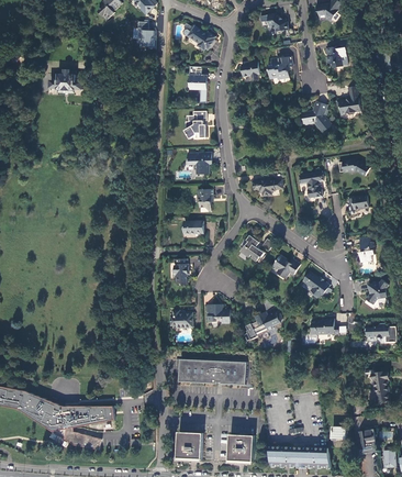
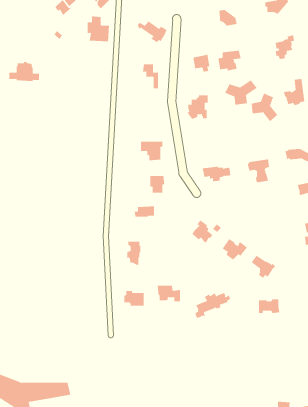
building: none -> [225,80,258,106]
building: [183,111,206,137] -> [187,95,209,120]
building: [178,359,246,385] -> none

